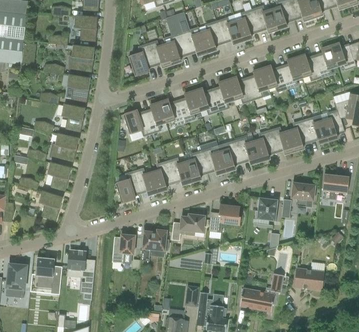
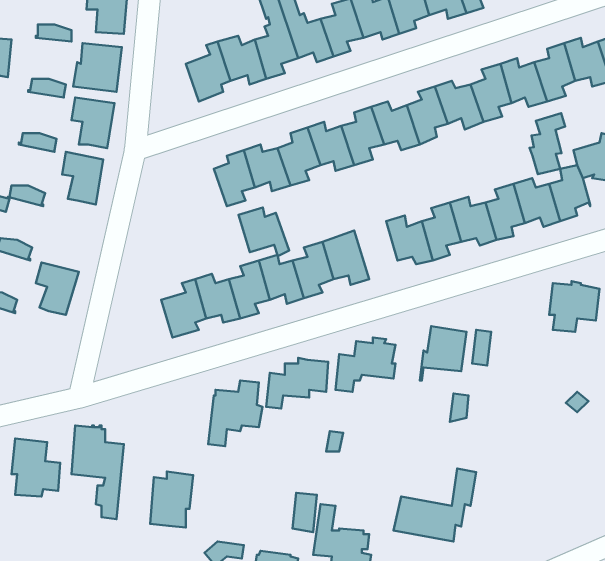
building: none -> [529,113,565,174]
building: [123,109,150,135] -> [238,207,289,256]
building: [51,133,78,161] -> none
building: [218,140,241,171] -> none
building: [291,182,314,207] -> none
building: [39,190,62,219] -> none
building: [112,233,135,263] -> [150,471,193,528]
building: [294,267,324,289] -> none

